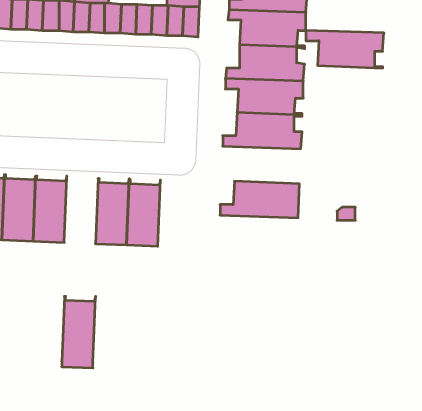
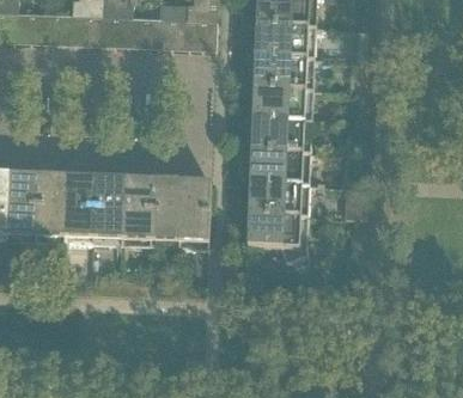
building: [306,30,384,68] -> [238,148,310,183]
building: none -> [178,179,211,246]
building: none -> [236,212,310,268]
building: [62,296,96,368] -> [92,177,123,243]

